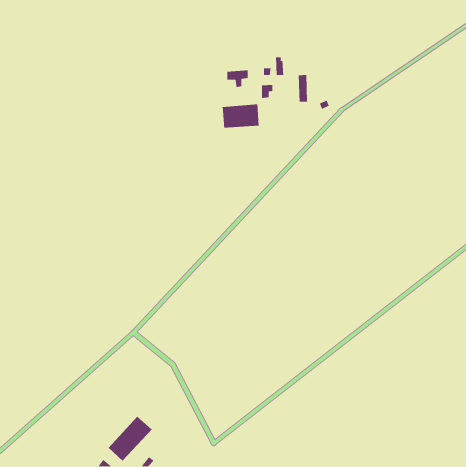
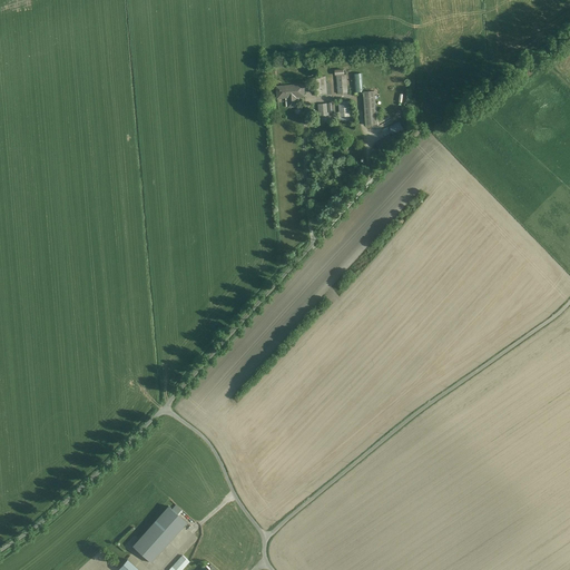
building: [222,103,260,128] -> none

